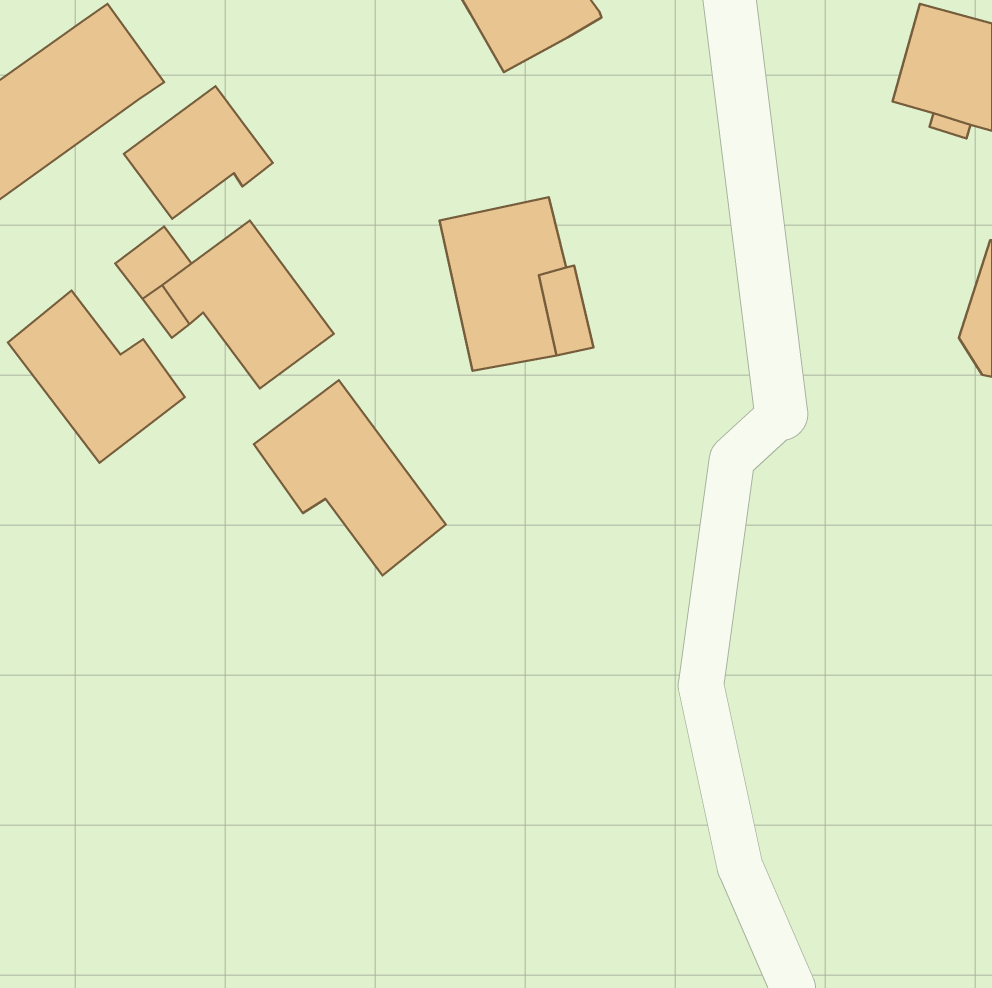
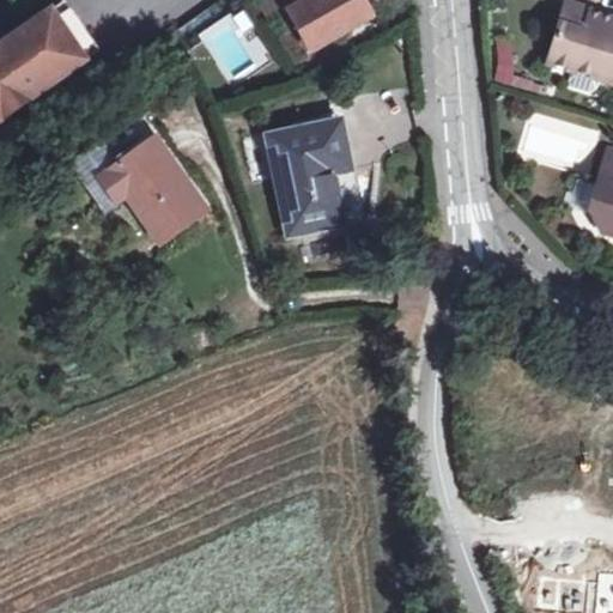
building: [124,86,273,219] -> none
building: [8,290,185,463] -> none
building: [254,380,446,576] -> none

